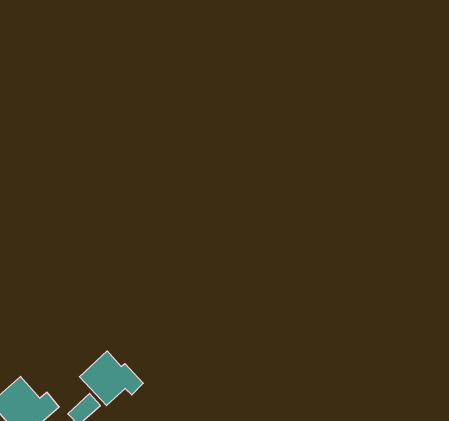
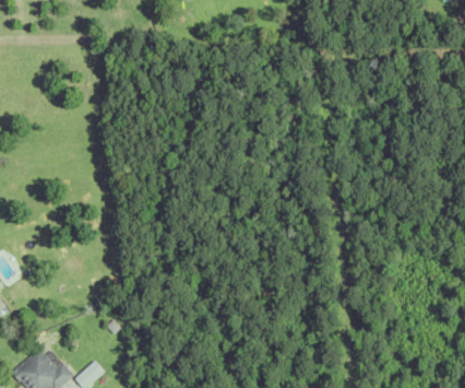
building: [79,351,143,406] -> none

